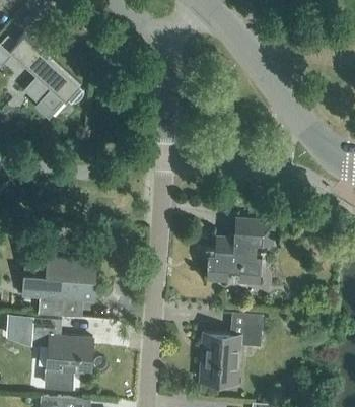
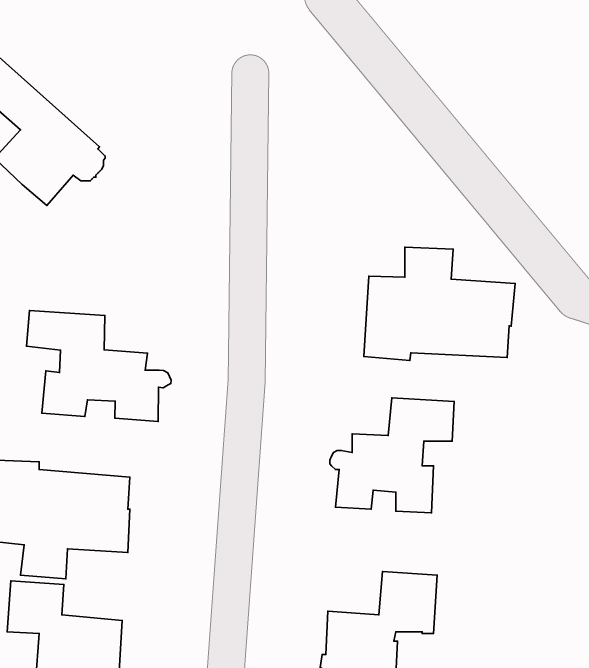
building: none -> [364,247,515,360]
building: none -> [27,310,171,422]

